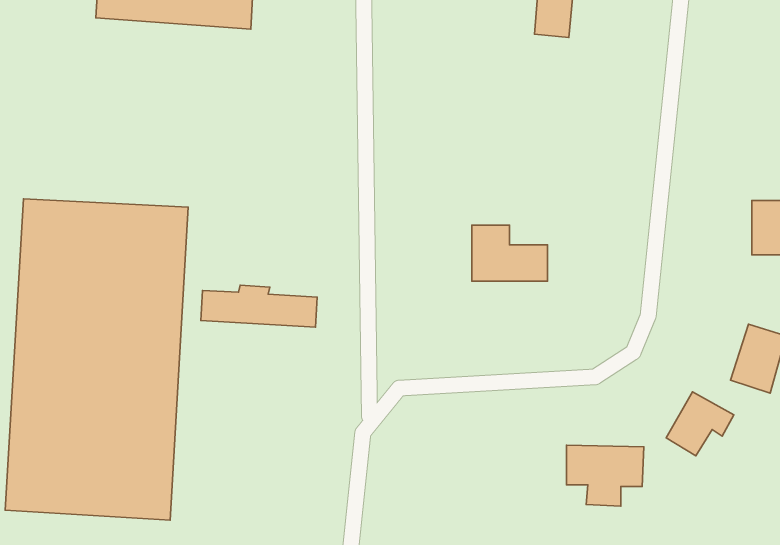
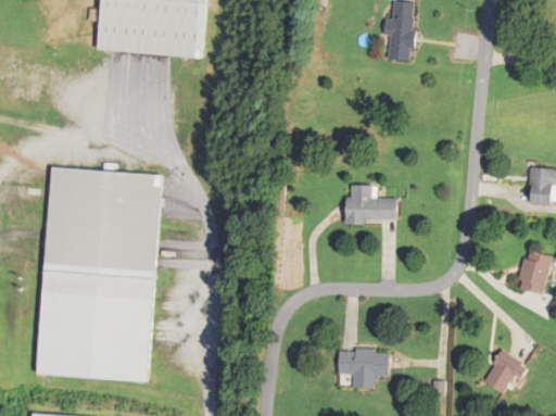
building: [201,285,317,327] -> none
building: [666,392,734,456] -> [484,349,529,391]
building: [567,445,644,506] -> [339,348,390,388]

